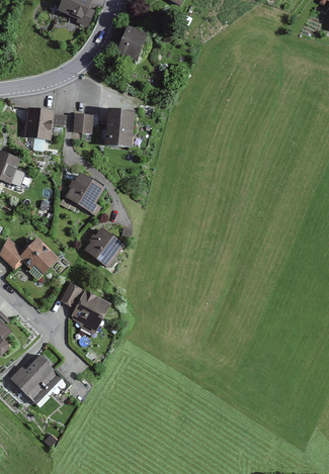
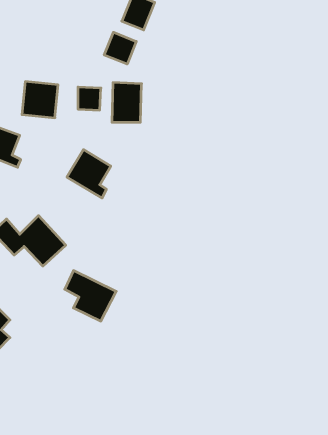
building: none -> [104,32,136,64]
building: [84,226,124,266] -> none
building: [8,355,63,403] -> none

